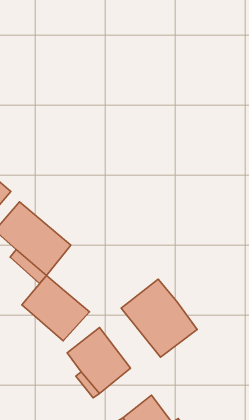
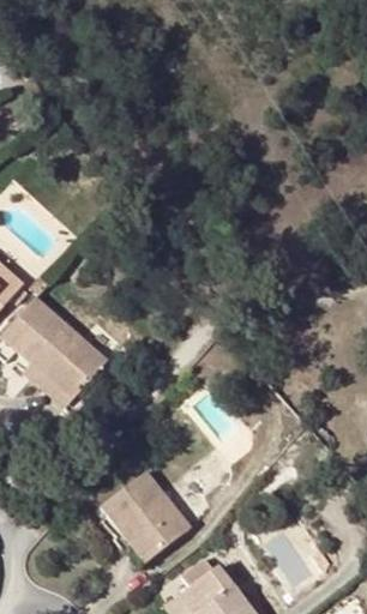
building: [22,276,89,341] -> none
building: [121,279,197,357] -> none

